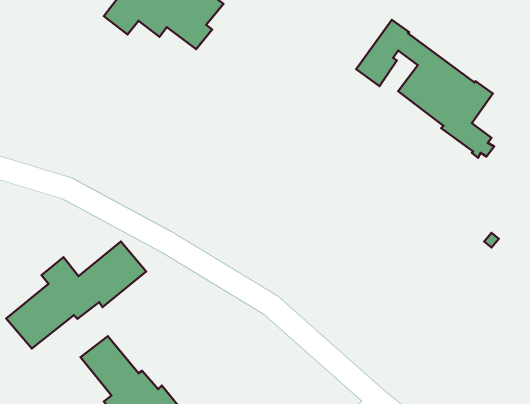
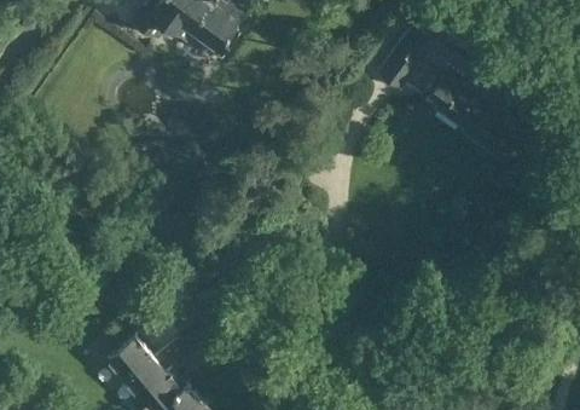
building: [6,242,146,348] -> none

